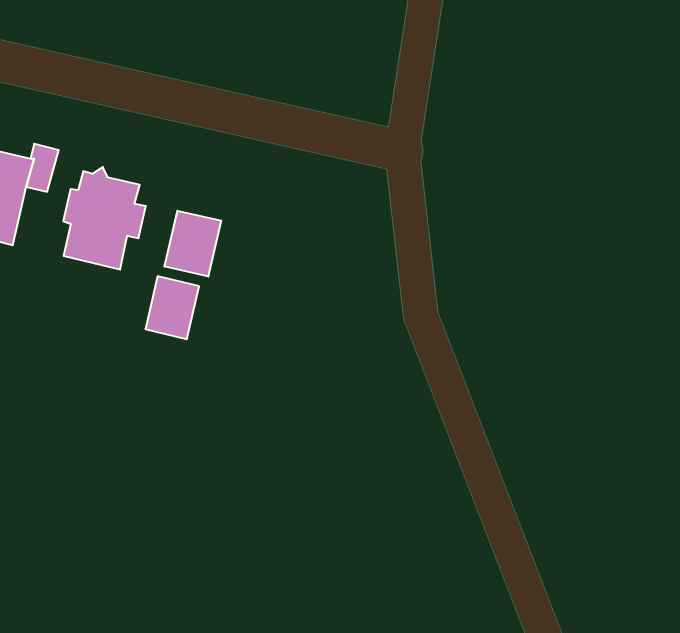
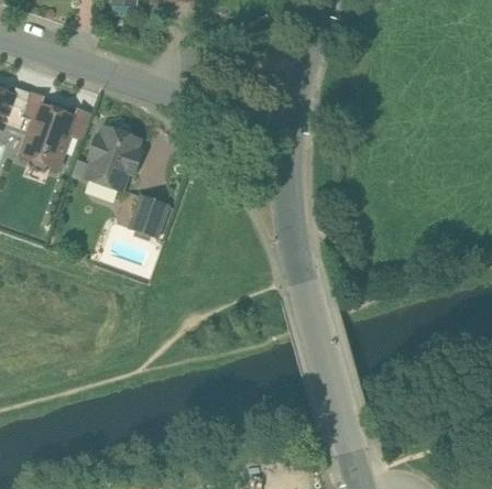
building: [164,211,221,277] -> none

